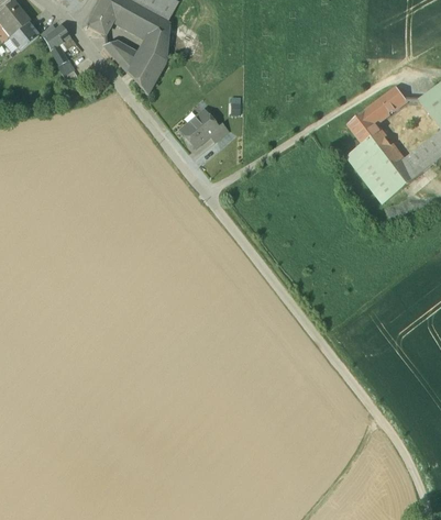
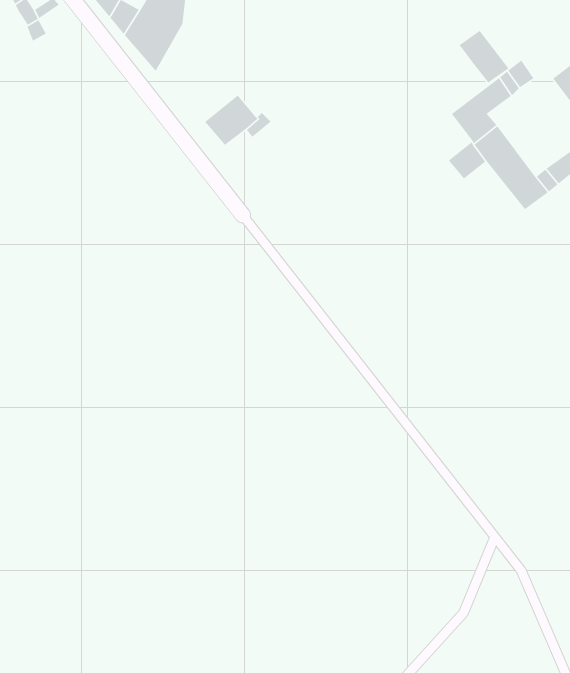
building: none -> [458,30,510,84]
building: [357,156,399,202] -> none

